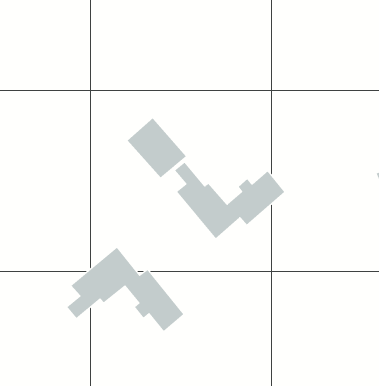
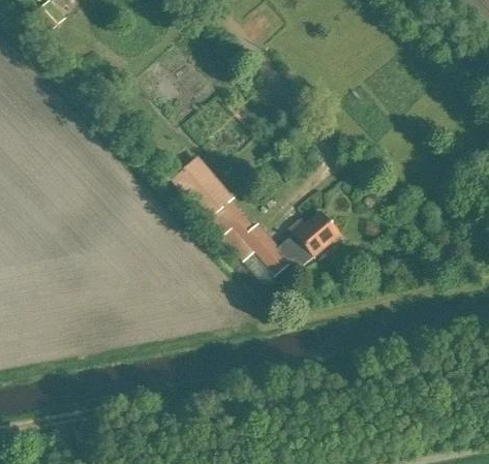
building: [66,247,184,332] -> none

